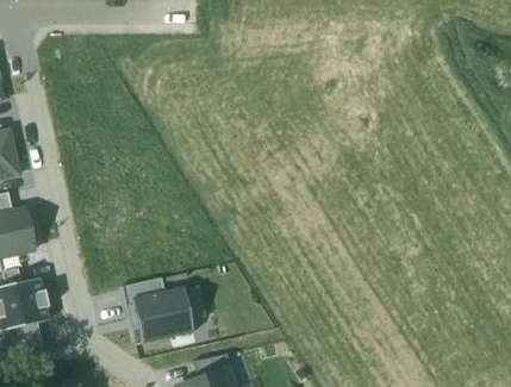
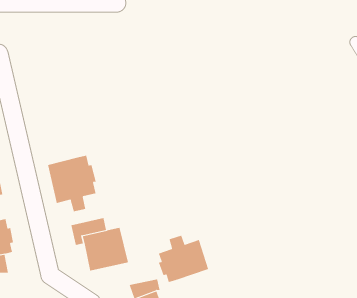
building: none -> [47,155,96,212]
building: none -> [158,235,209,283]

